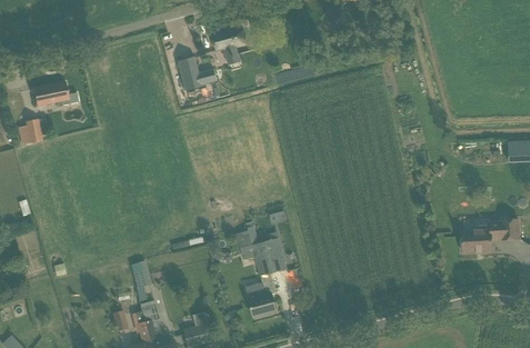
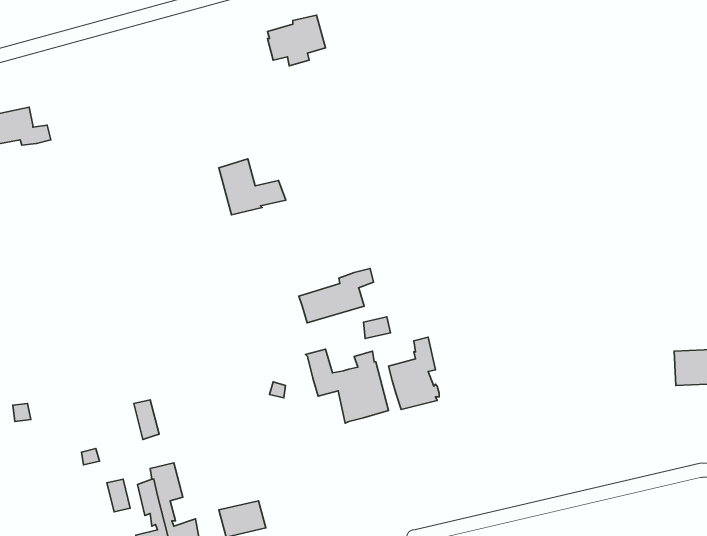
building: [177,56,218,90] -> [219,159,286,215]
building: none -> [299,268,374,323]
building: [247,272,278,317] -> [389,337,439,410]

